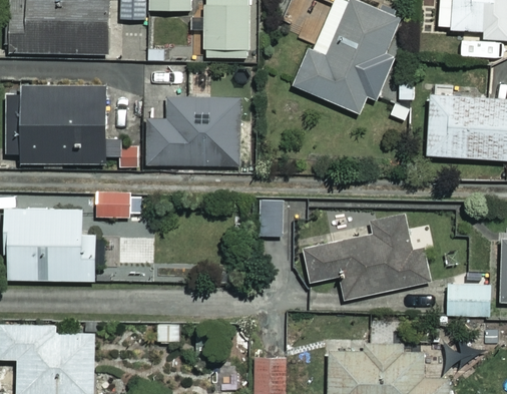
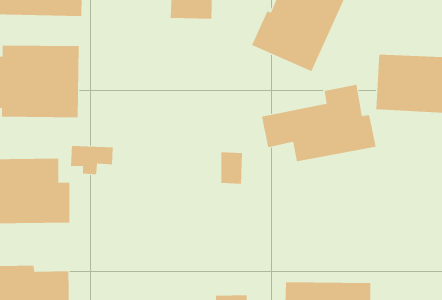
building: [146,98,239,168] -> none
building: [303,216,428,300] -> [261,84,376,162]
building: [443,285,490,316] -> none

